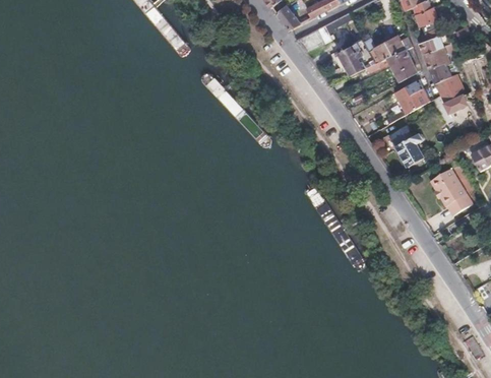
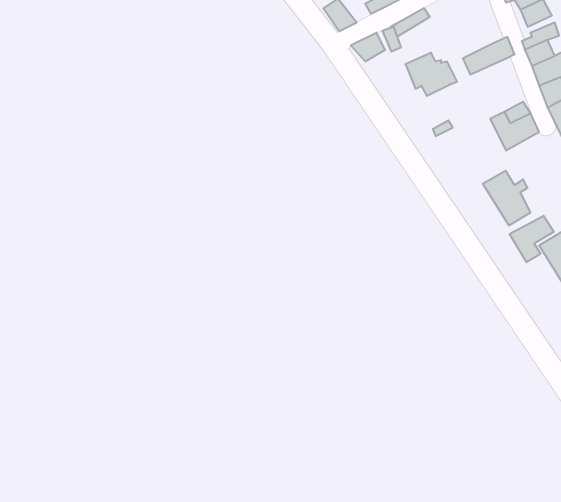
building: [366,49,418,80] -> none
building: none -> [510,216,554,262]

